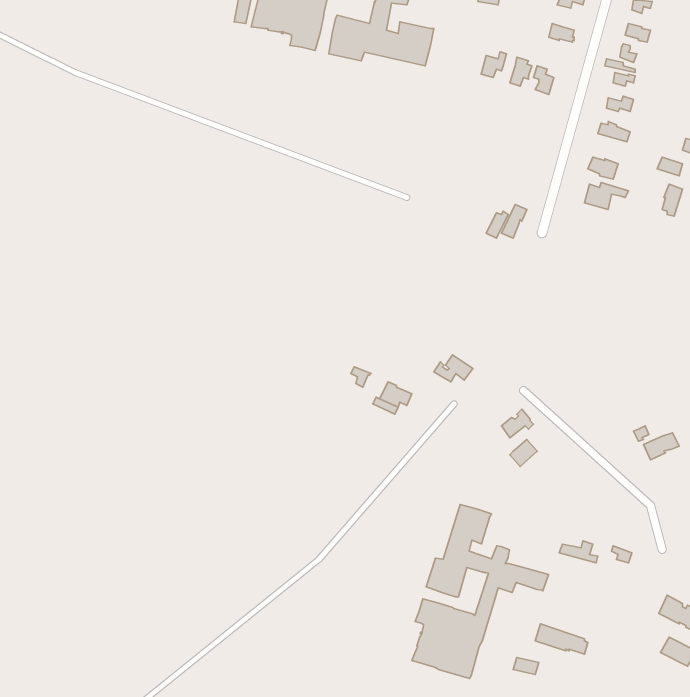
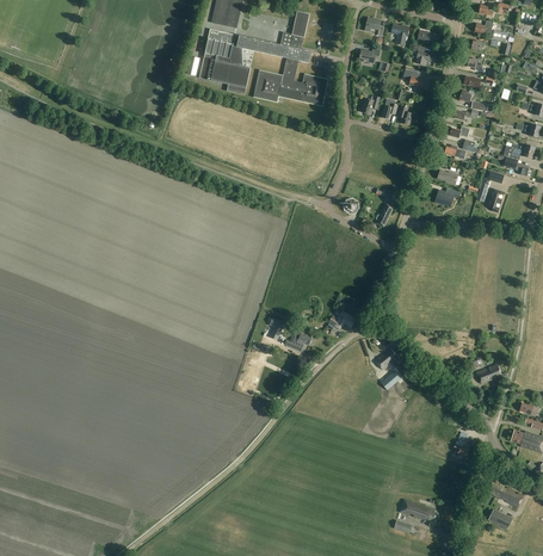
building: [412,504,549,679] -> none

